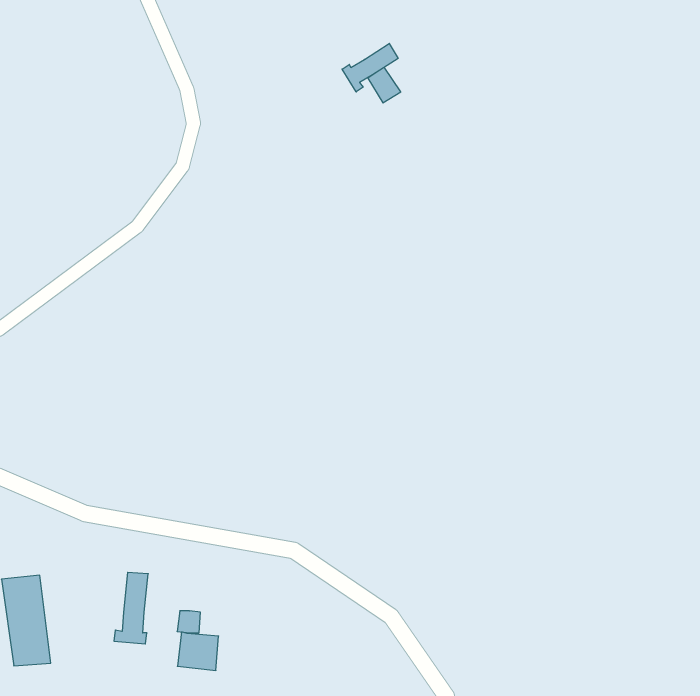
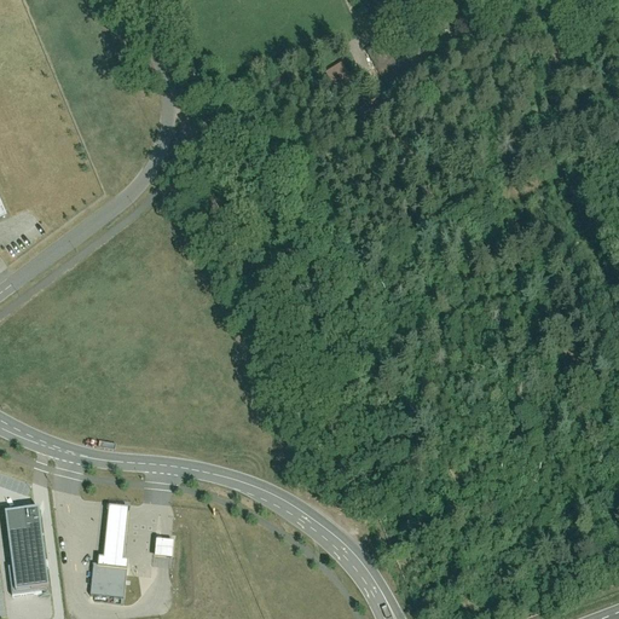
building: [342,43,398,92] -> none
building: [177,632,219,670] -> [92,563,128,597]

